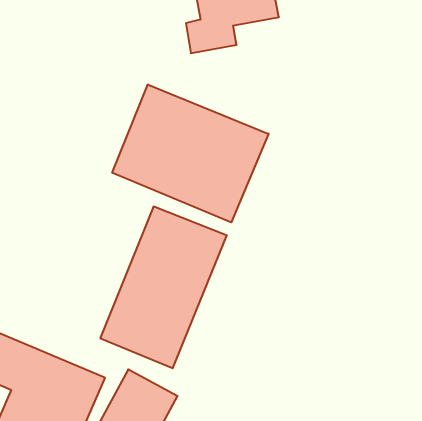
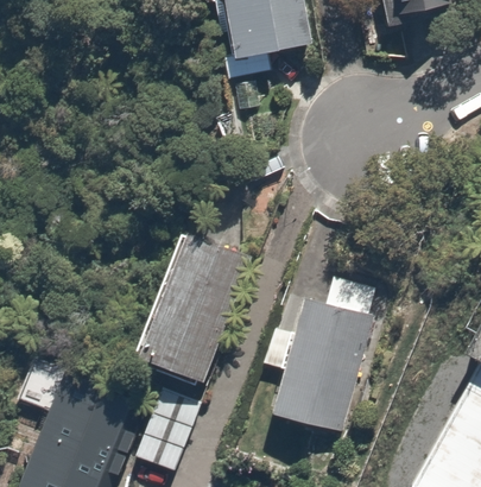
building: [112,84,269,222] -> none
building: none -> [270,267,393,430]

